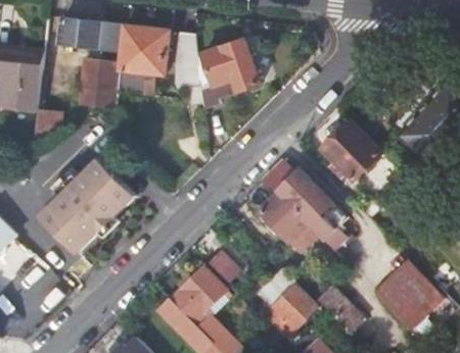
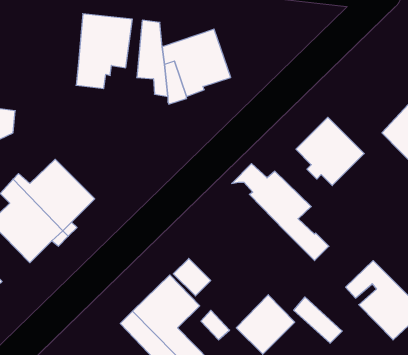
building: [57,16,118,50] -> none
building: [77,57,118,107] -> none
building: [258,191,309,243] -> none

